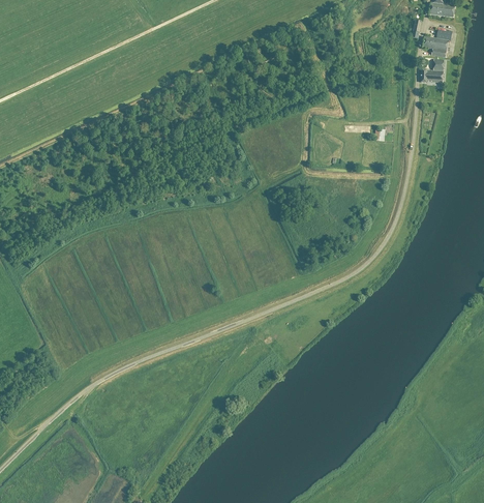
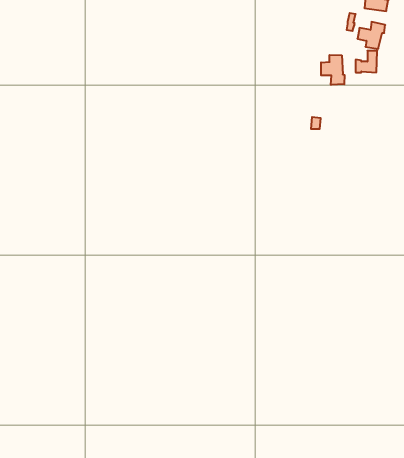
building: none -> [321,55,345,85]

